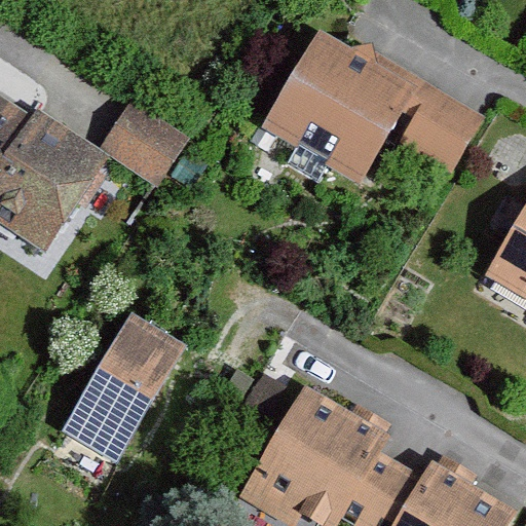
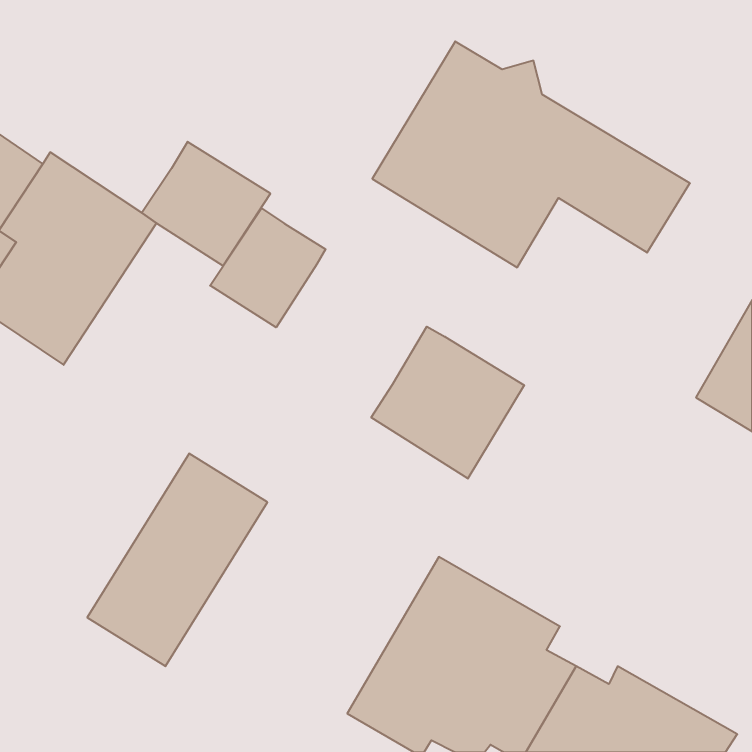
building: none -> [210,208,326,327]
building: none -> [371,327,524,479]

